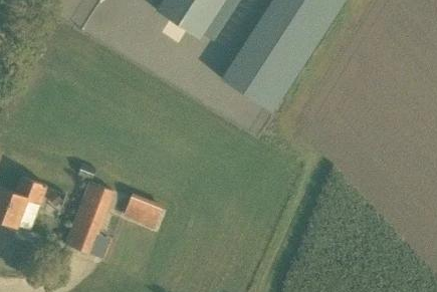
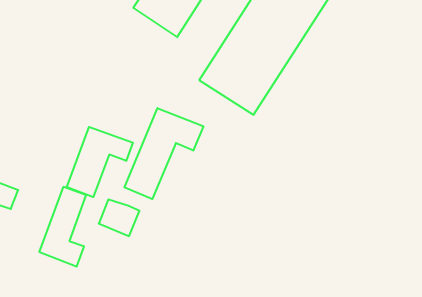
building: none -> [125,108,203,199]
building: none -> [67,127,133,197]

